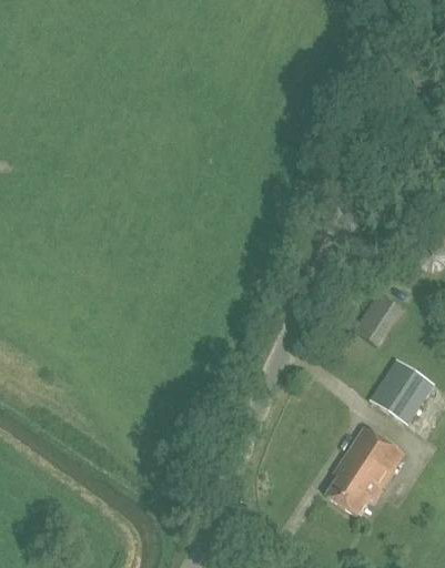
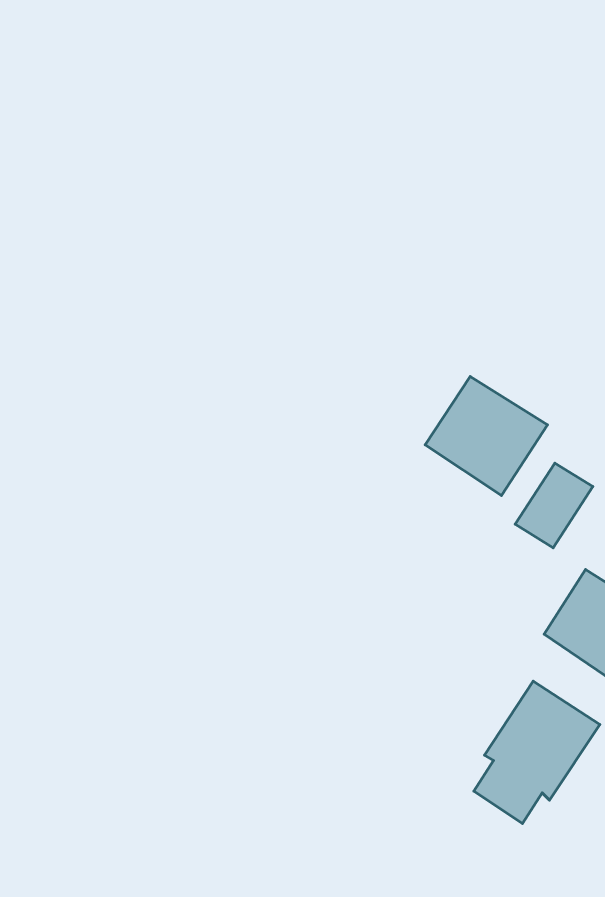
building: none -> [425,377,547,496]

